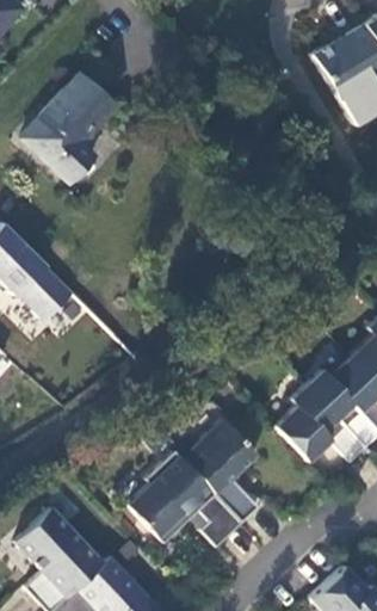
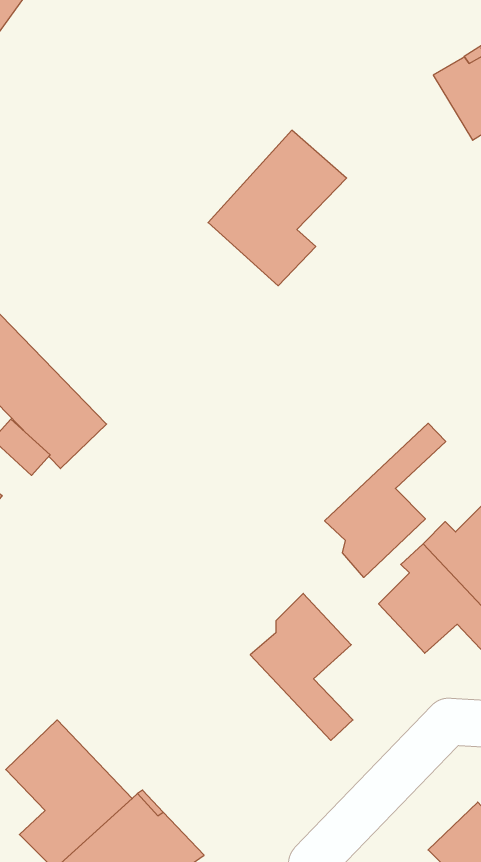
building: [18,72,115,180] -> [208,130,347,286]
building: none -> [325,423,446,577]
building: [128,451,242,548] -> none

